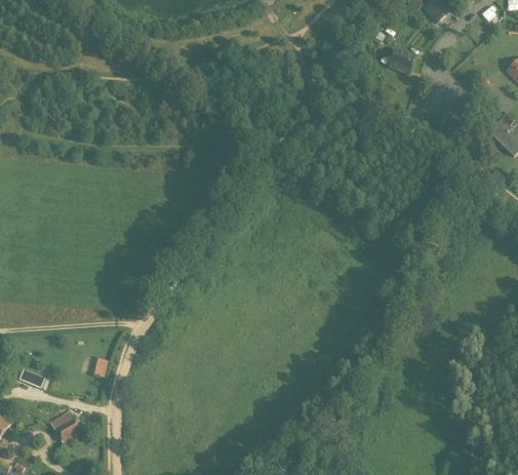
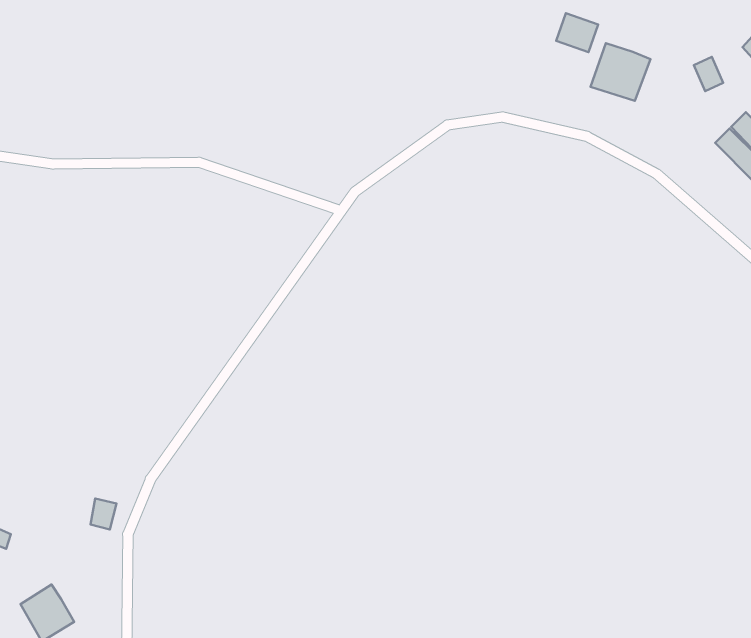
building: none -> [591,43,650,101]

